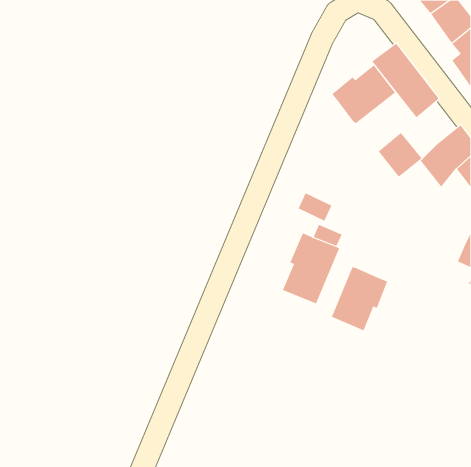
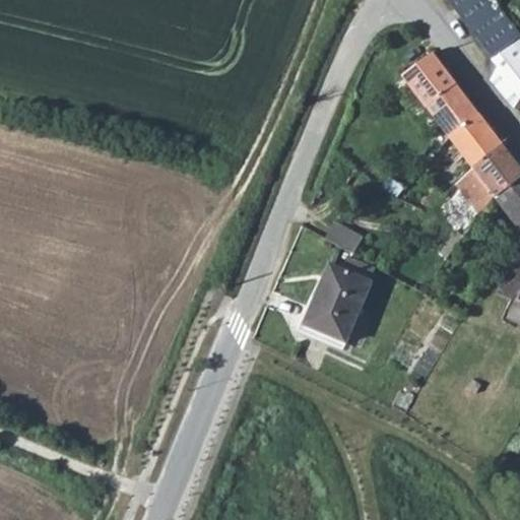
building: [331,64,396,124] -> none
building: [378,132,423,178] -> [454,117,503,167]
building: [331,267,388,331] -> none

